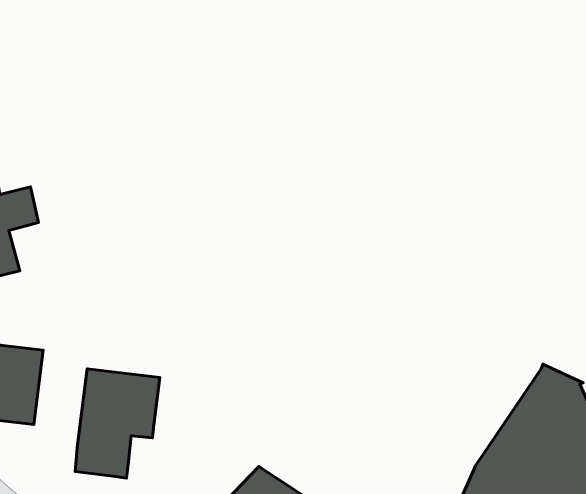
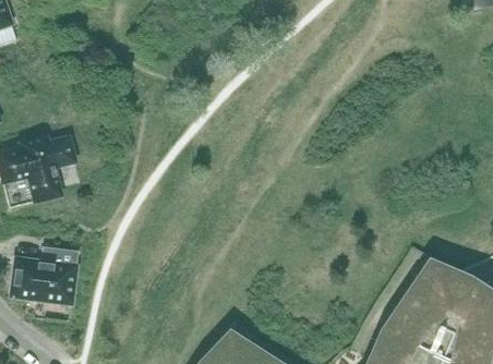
building: [75,369,160,478] -> none

